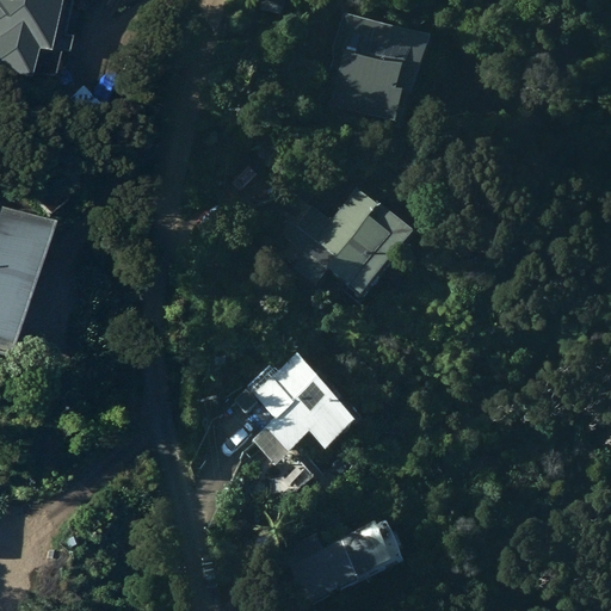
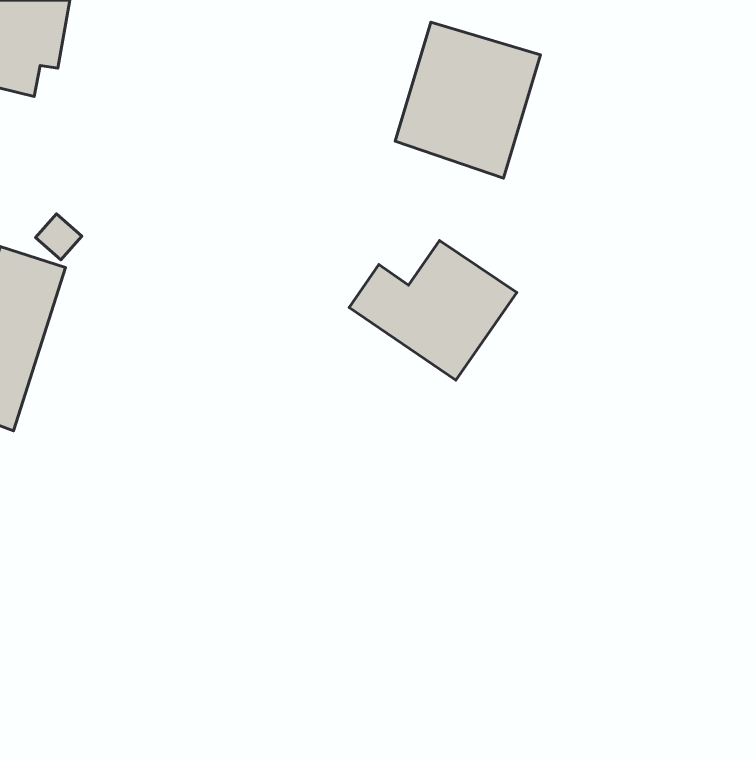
building: [245,346,365,461] -> none
building: [285,519,408,598] -> none

